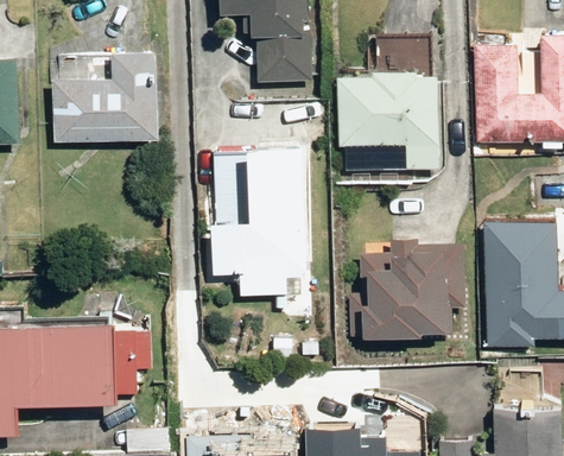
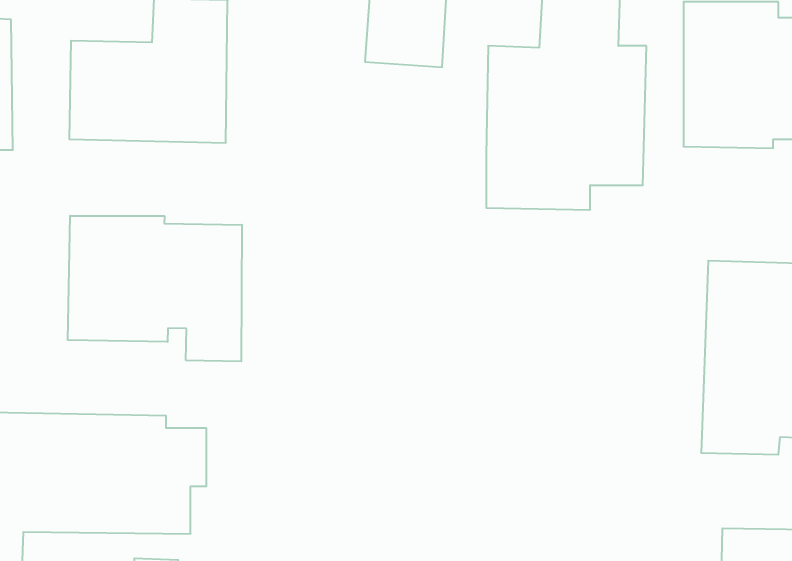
building: [205,140,306,300] -> none
building: none -> [68,216,242,361]
building: [356,240,465,336] -> none

